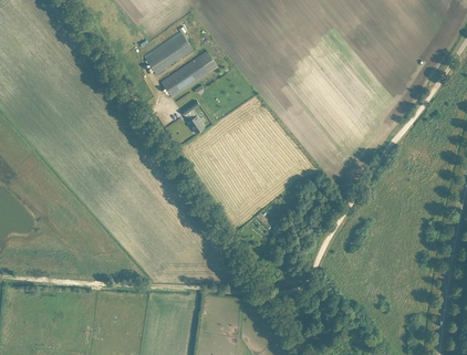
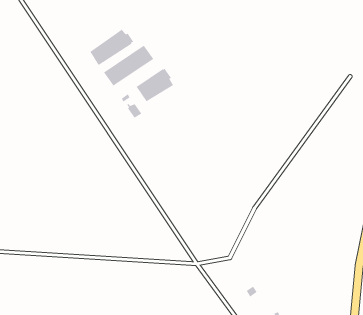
building: none -> [136,68,174,102]

